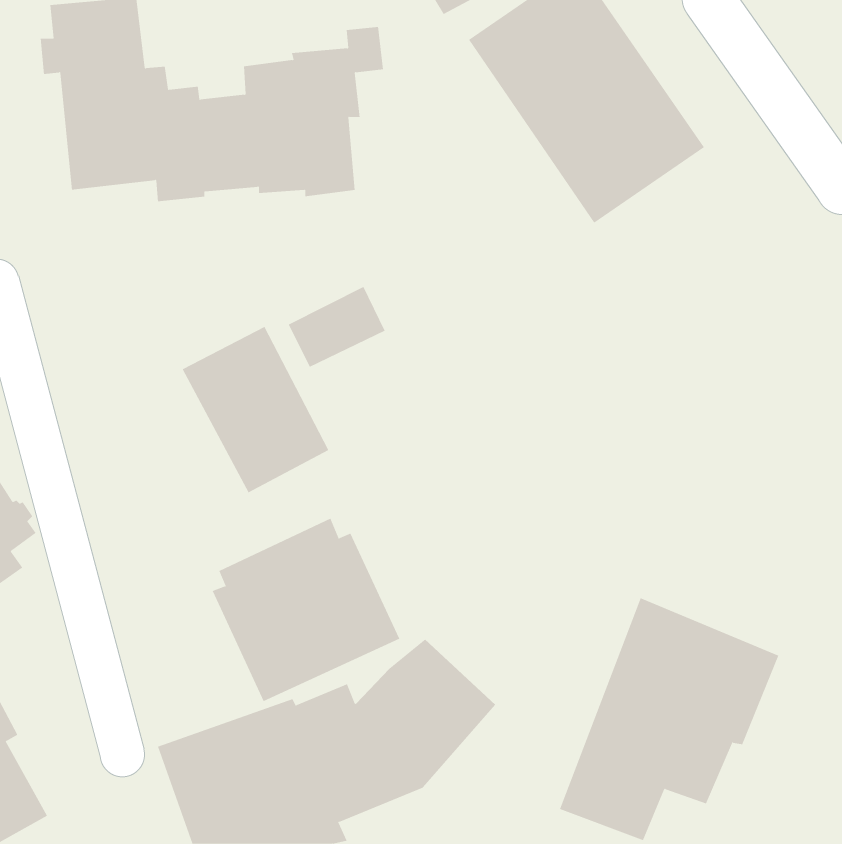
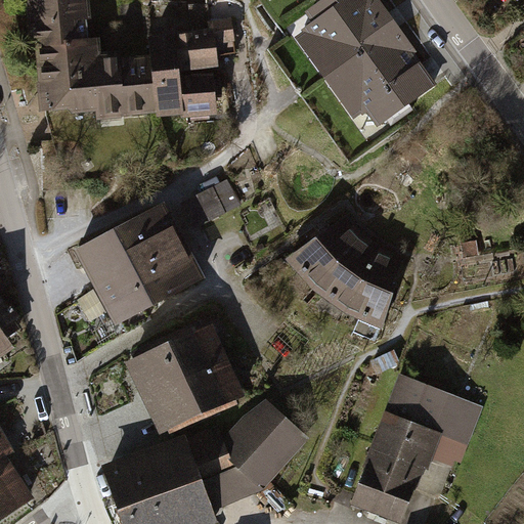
building: none -> [290,220,404,332]
building: none -> [73,228,154,326]

